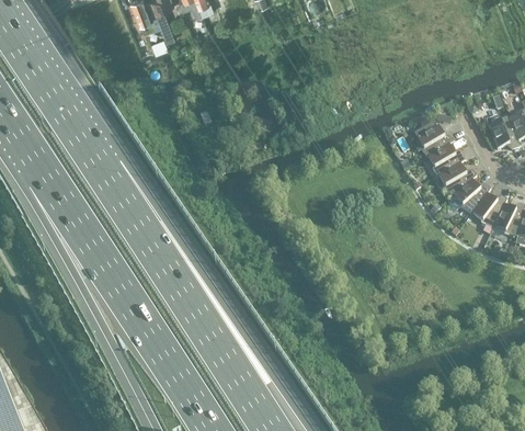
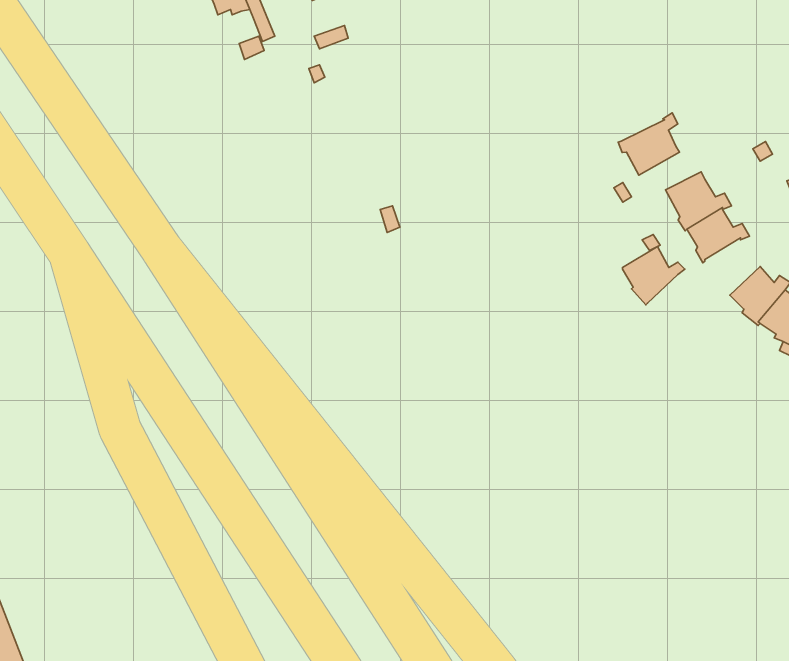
building: none -> [618,113,679,175]
building: [438,163,477,200] -> [622,246,685,305]

